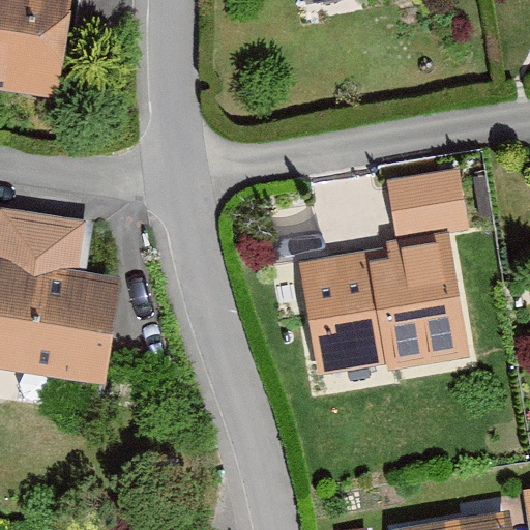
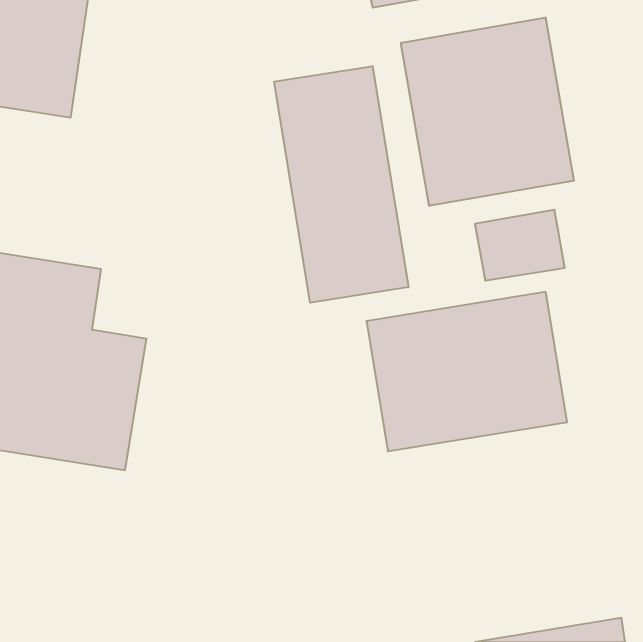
building: none -> [401,17,574,206]
building: none -> [274,66,408,303]

